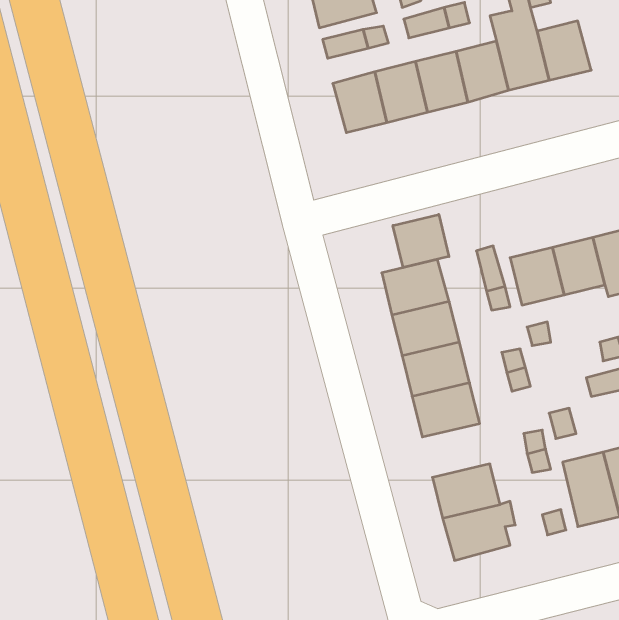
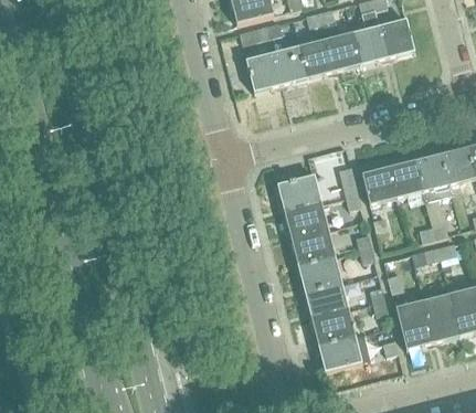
building: [393,214,449,268] -> none
building: none -> [305,282,349,317]

